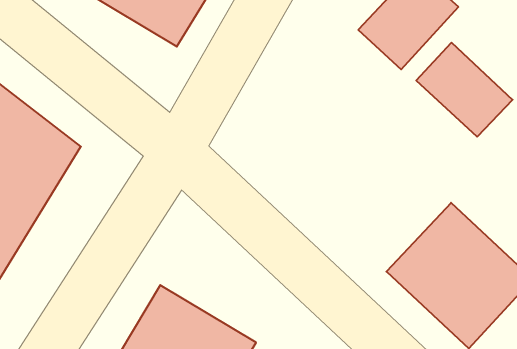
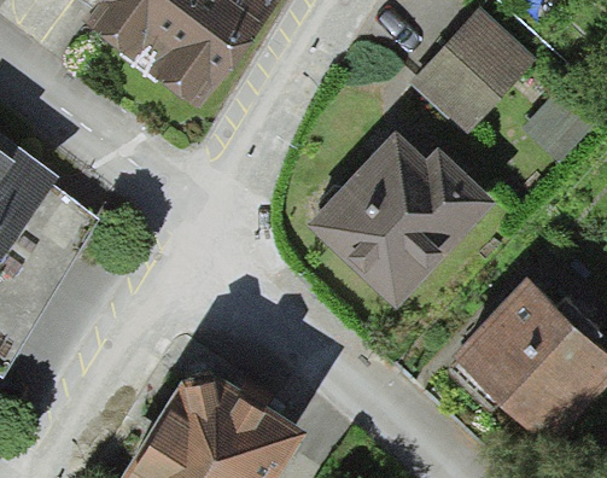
building: [416,43,513,137] -> none
building: none -> [304,129,489,307]

